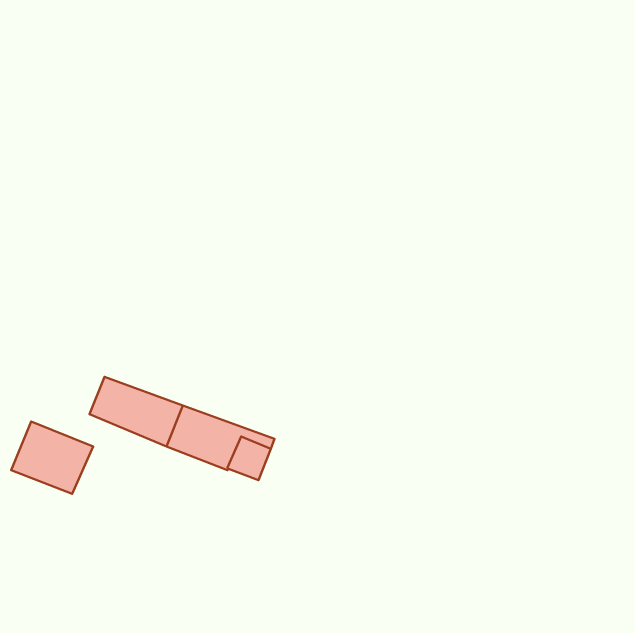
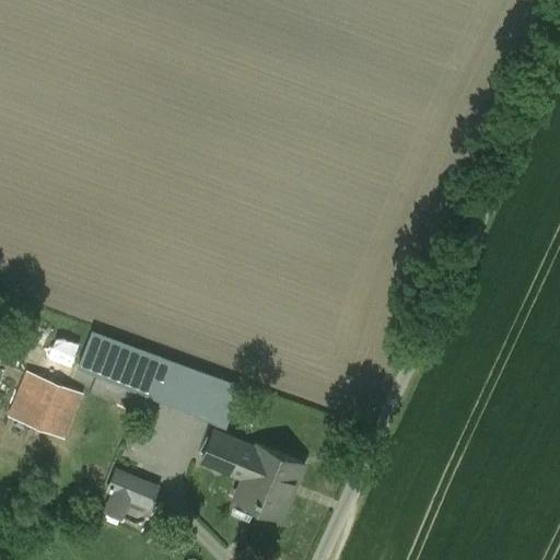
building: none -> [201,431,303,517]
building: none -> [106,471,158,517]

